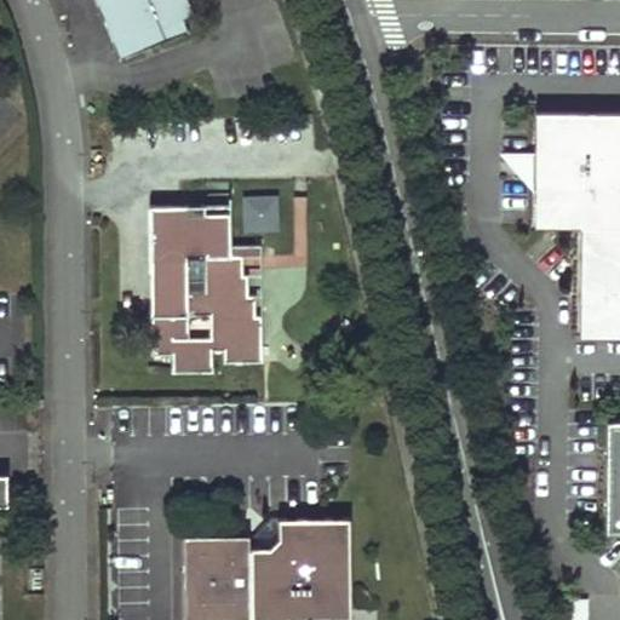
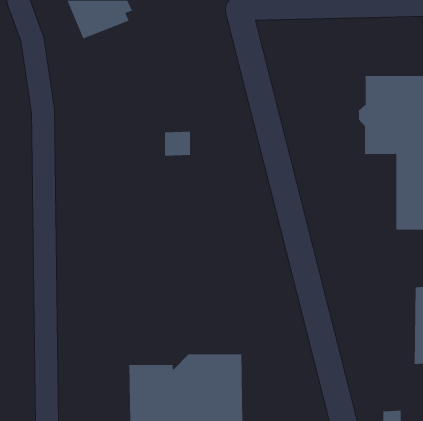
building: [151,205,266,373] -> none

